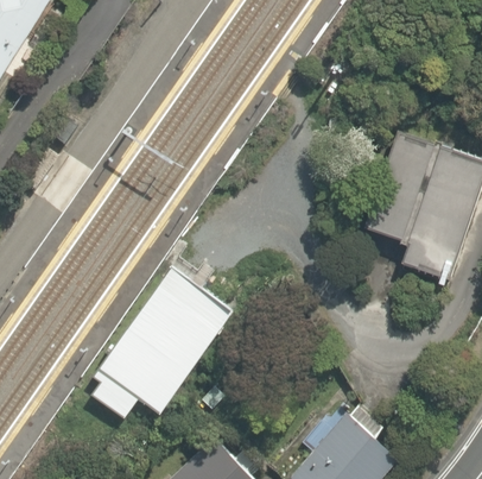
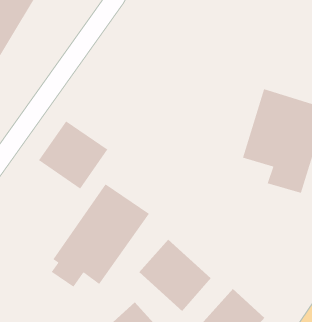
building: none -> [38,120,108,189]
building: none -> [139,239,212,312]

